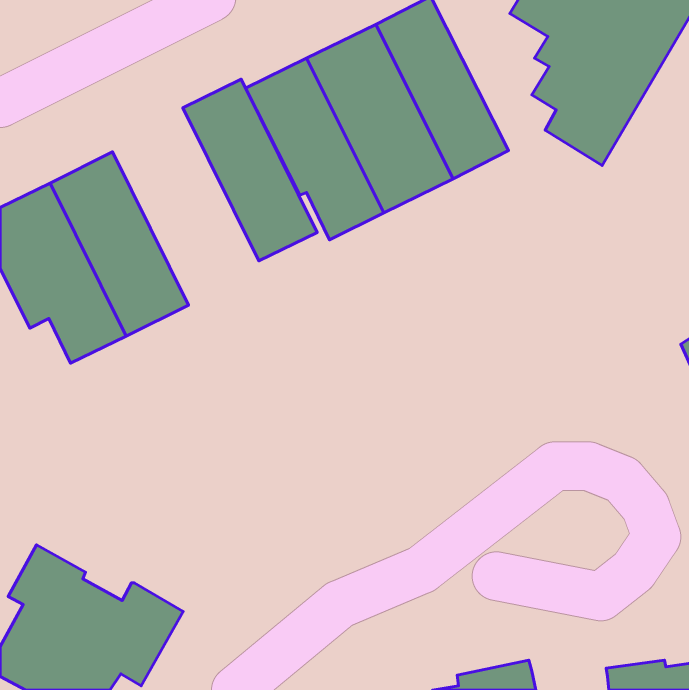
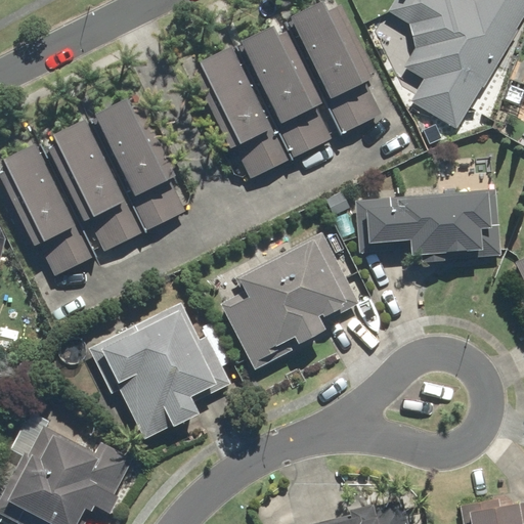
building: [183,79,317,261] -> [88,93,189,230]
building: none -> [355,189,499,263]
building: none -> [219,233,360,372]
building: none -> [90,301,213,444]

